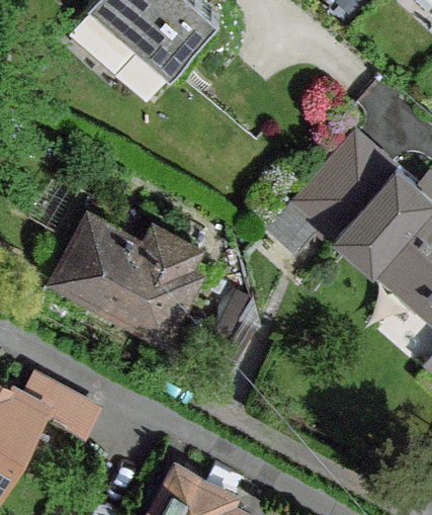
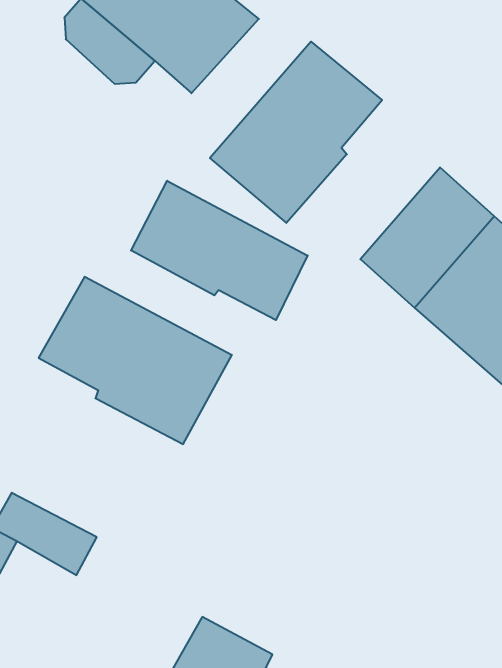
building: none -> [210,42,382,223]
building: none -> [131,181,308,320]

